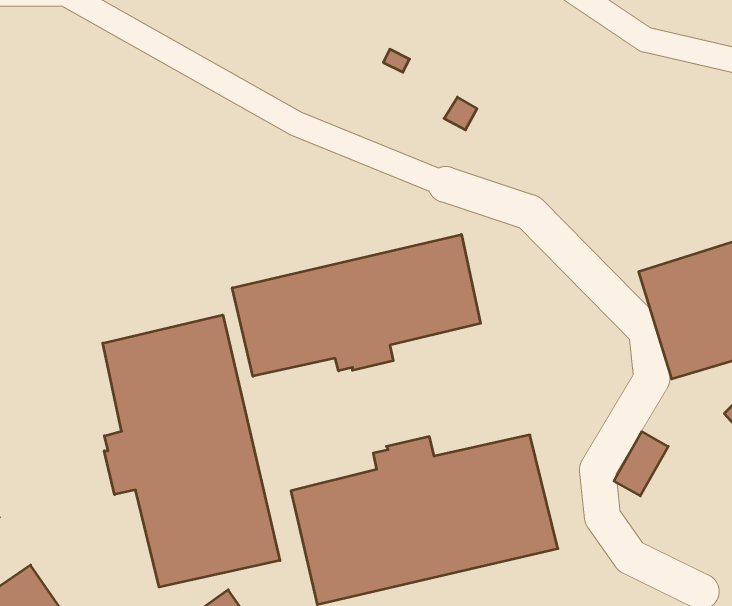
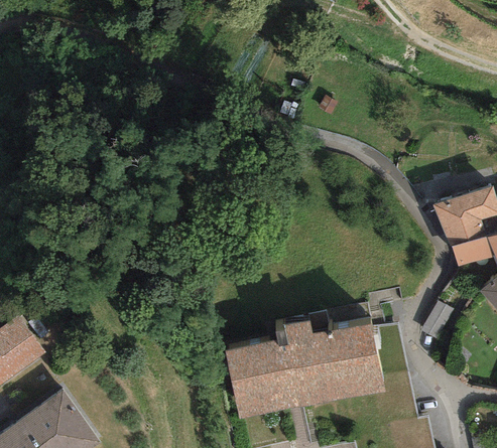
building: [232,234,481,376] -> none
building: [103,315,280,587] -> none

